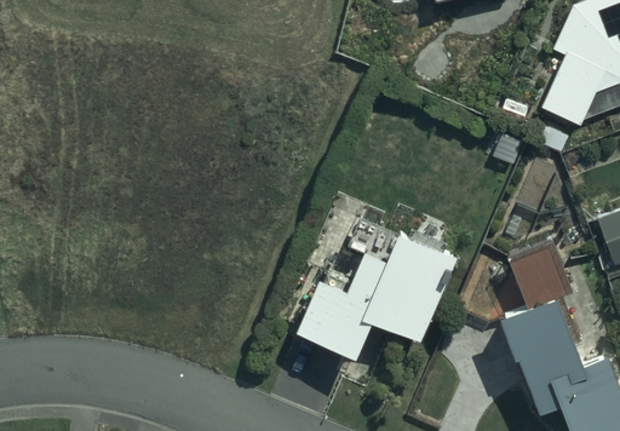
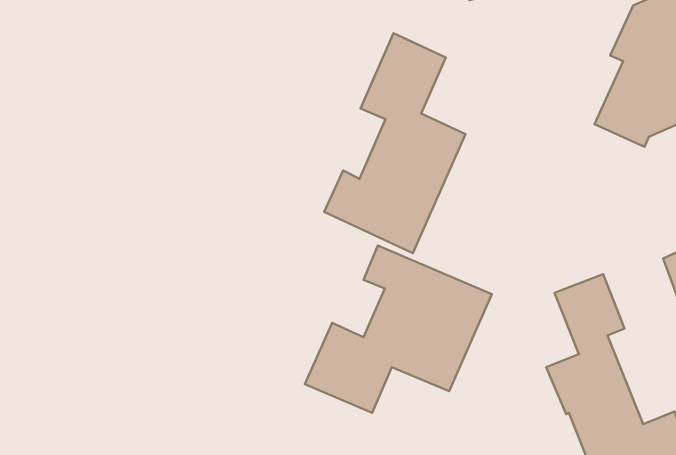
building: none -> [324,33,465,253]

